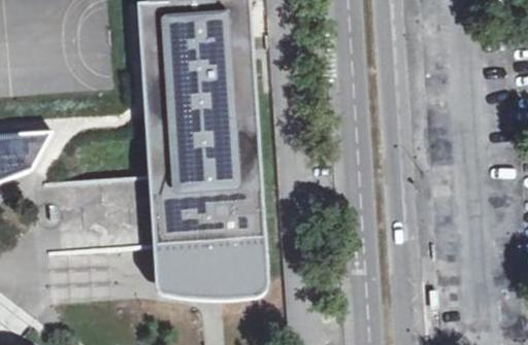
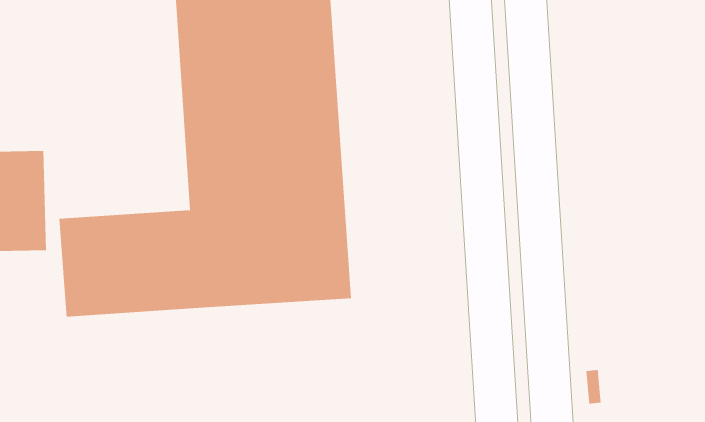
building: [152,237,267,301] -> none

